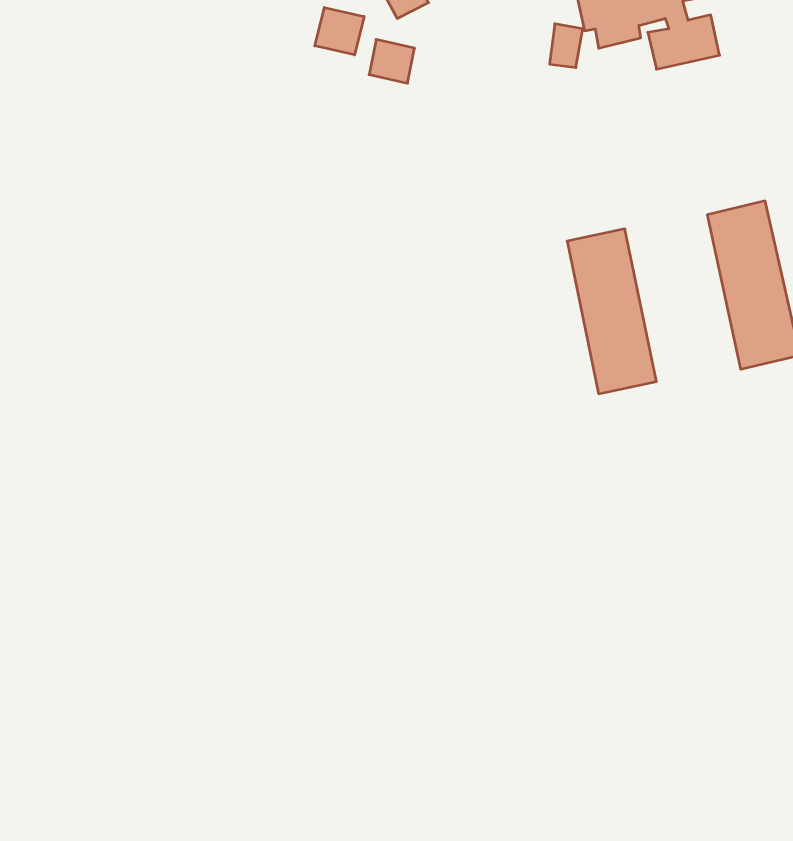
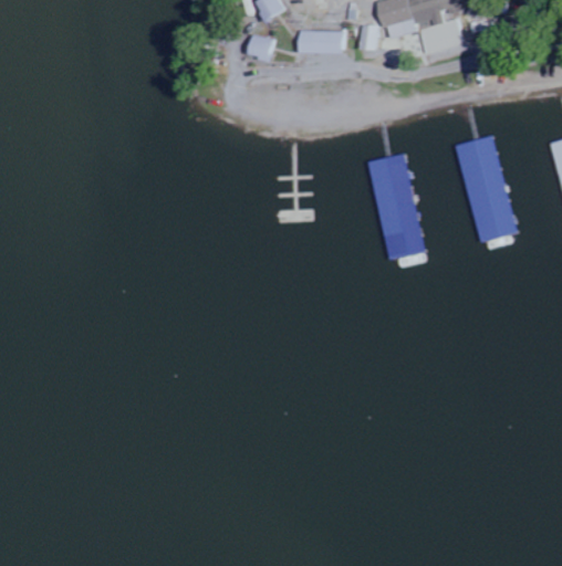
building: [315,7,364,55] -> none
building: none -> [295,29,342,52]

